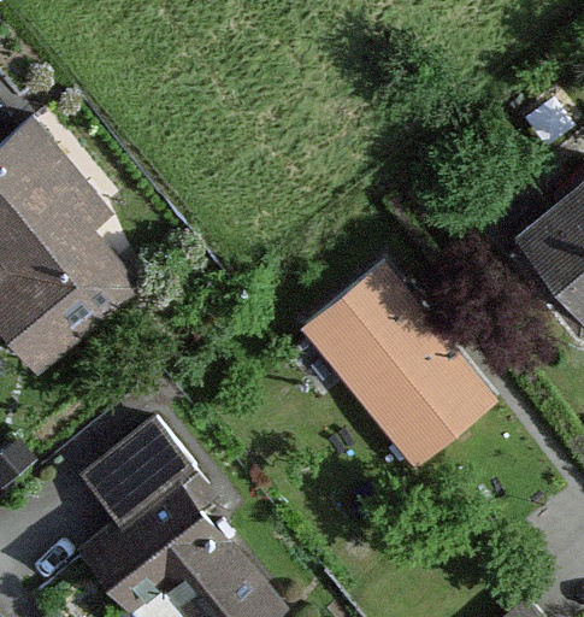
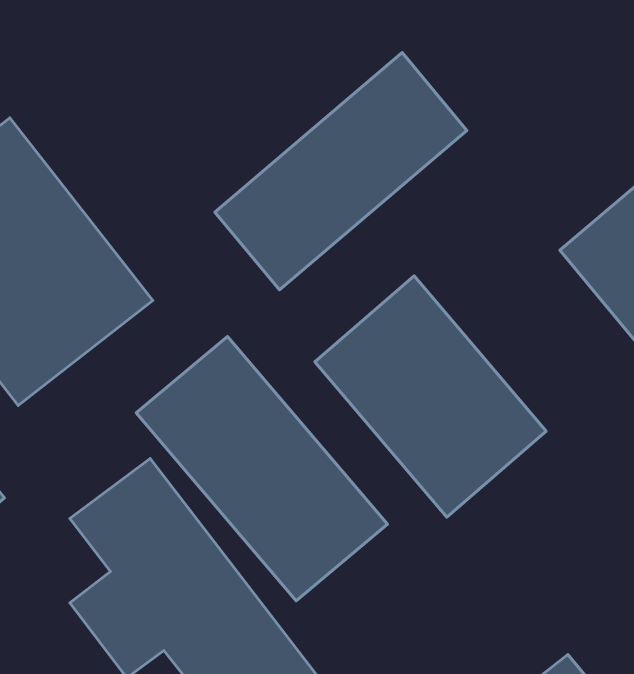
building: none -> [215,53,467,290]
building: none -> [136,336,387,601]

